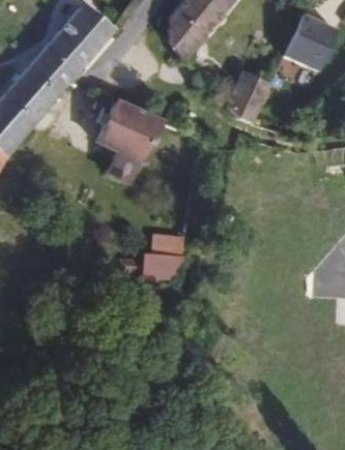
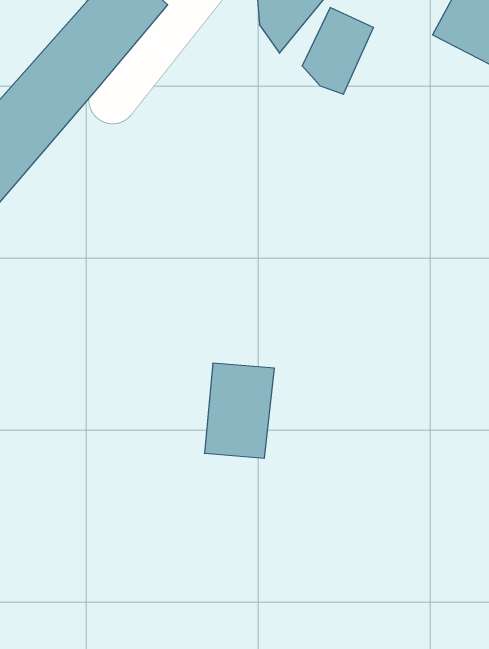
building: [226,70,270,124] -> [302,8,374,94]
building: [94,96,155,156] -> none

